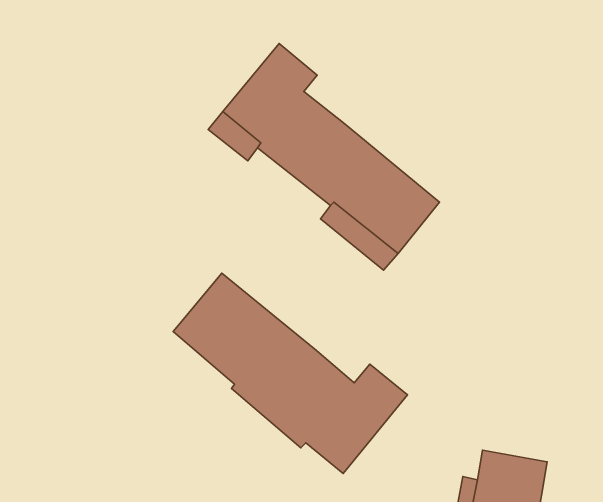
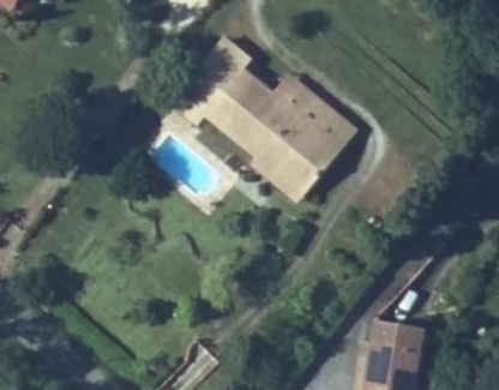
building: none -> [282,79,371,158]
building: [173,273,407,474] -> none

